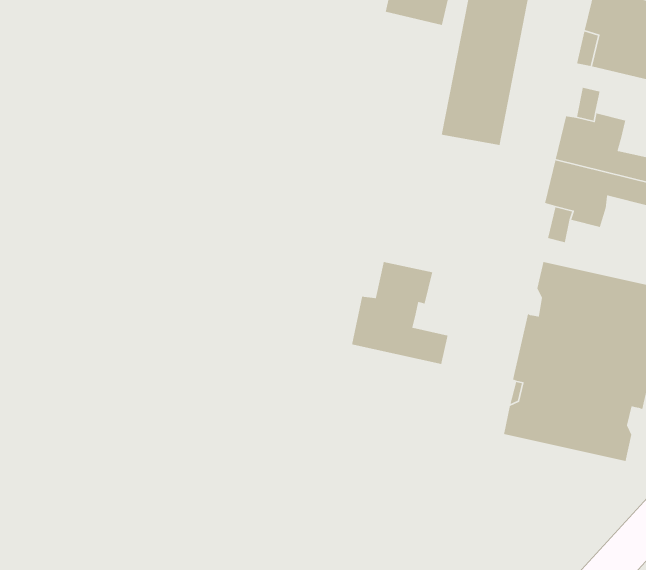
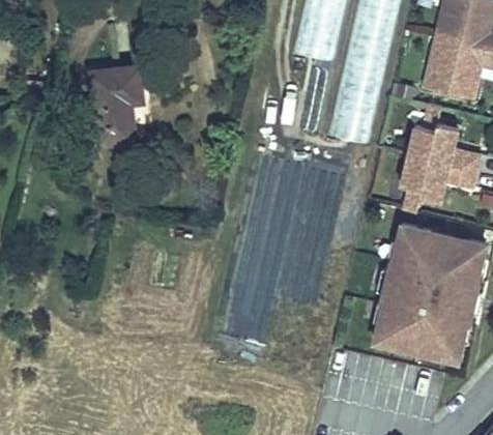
building: none -> [95,72,147,155]
building: [351,261,448,365] -> none

